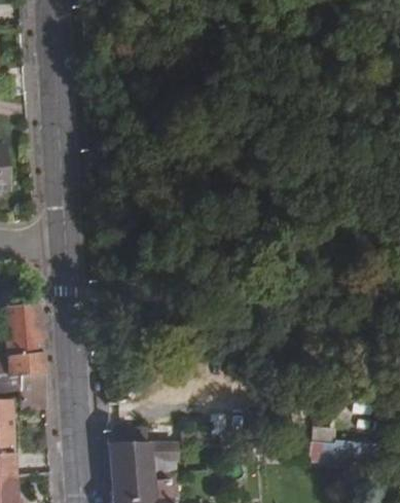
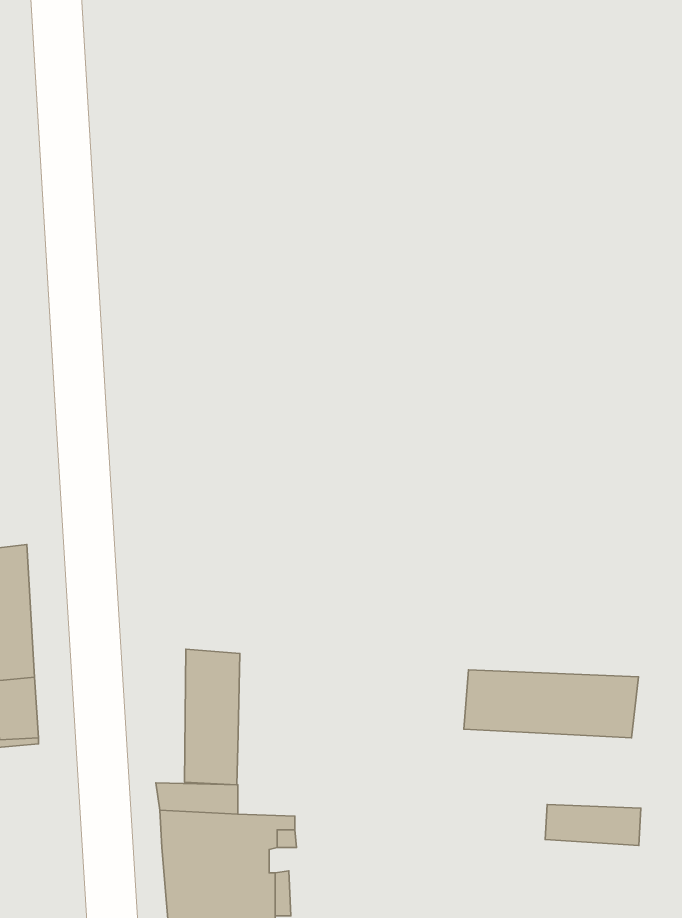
building: none -> [184,649,240,785]
building: none -> [464,670,639,738]

